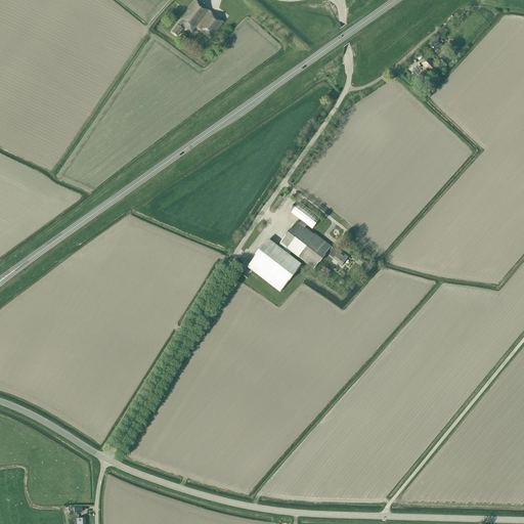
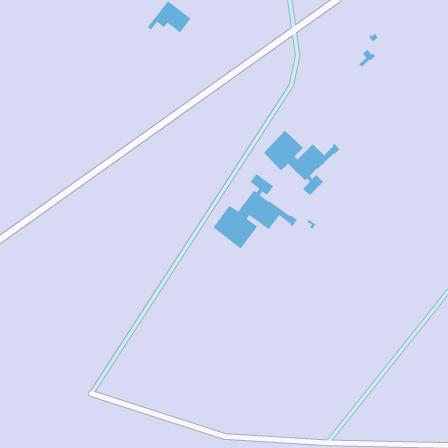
building: none -> [263,130,340,196]

